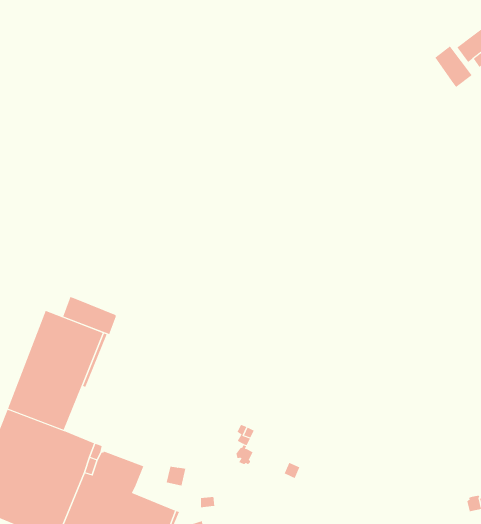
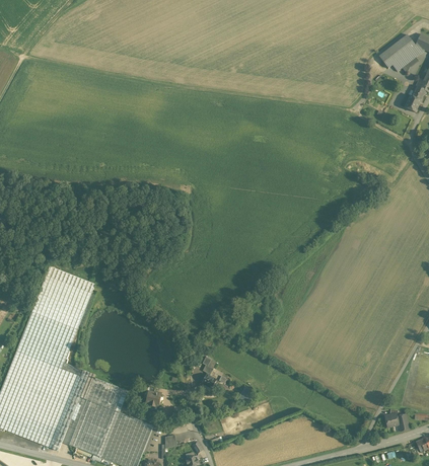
building: [435,45,473,88] -> none
building: [62,296,116,335] -> none

